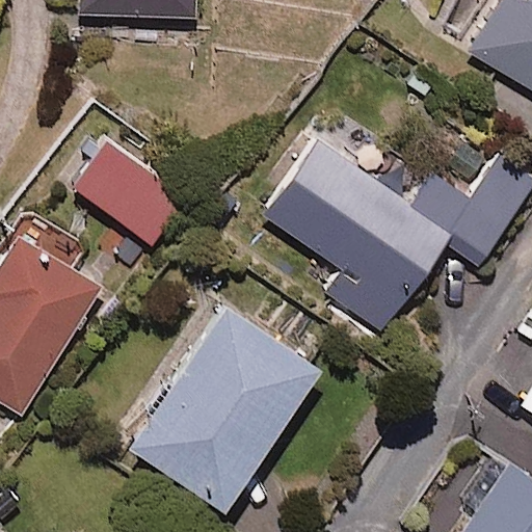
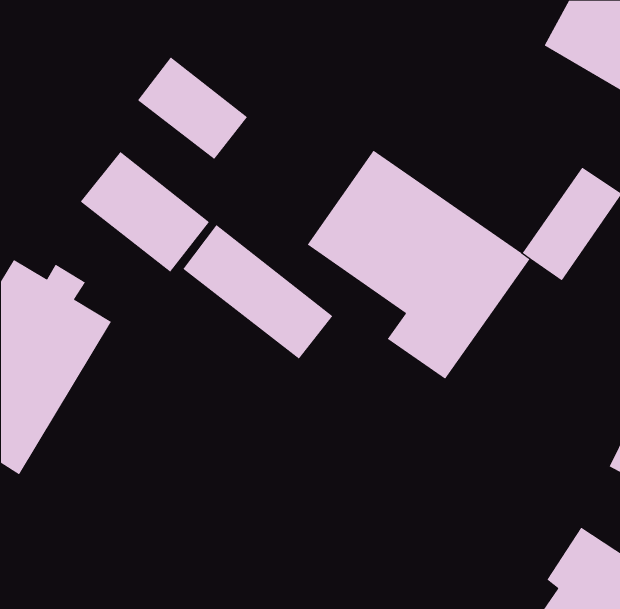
building: none -> [137,57,248,160]
building: none -> [182,224,333,360]
building: [126,299,315,506] -> none

